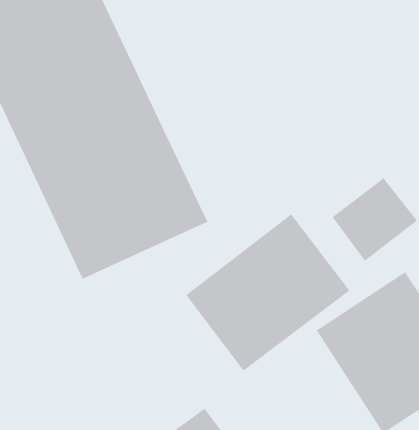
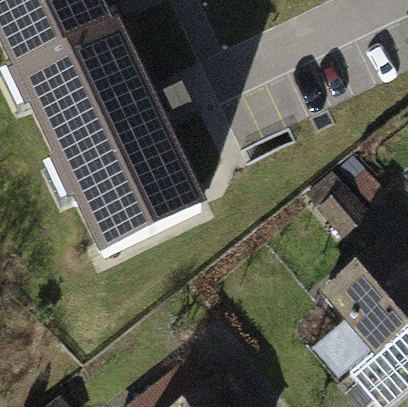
building: [185,214,350,372] -> none

